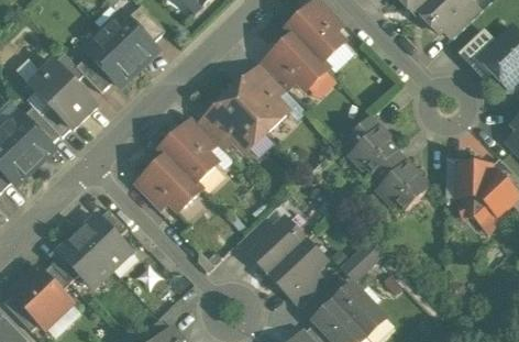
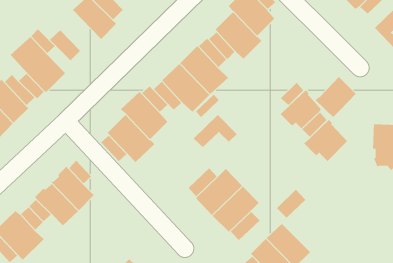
building: [85,31,137,85] -> none
building: none -> [315,76,356,118]
building: none -> [193,114,237,148]

